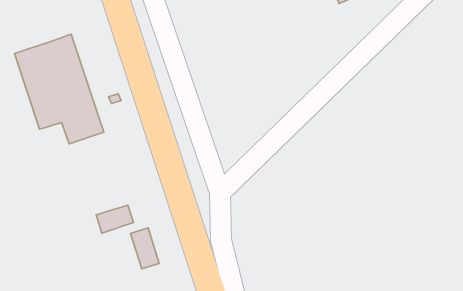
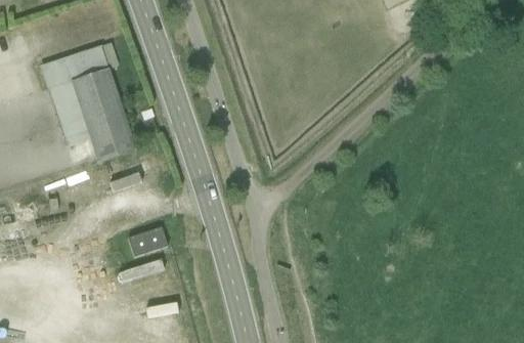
building: [130,228,159,269] -> none

